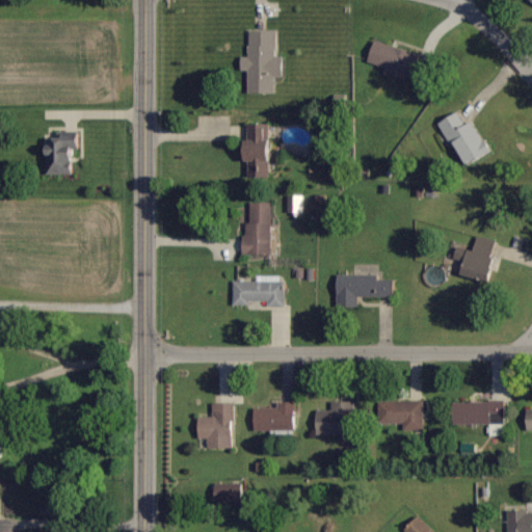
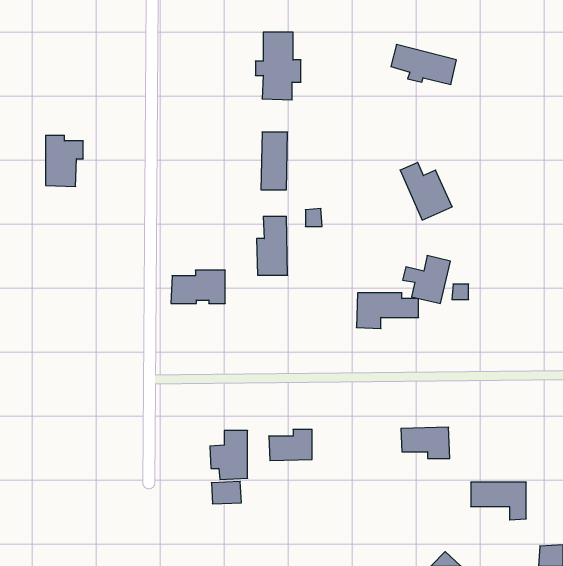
building: [440,113,488,167] -> [400,162,452,220]
building: [451,236,496,281] -> [403,256,450,303]
building: [231,275,282,307] -> [171,270,225,303]
building: [313,401,351,447] -> none
building: [451,401,503,436] -> [471,482,526,520]
building: [213,483,241,504] -> [211,482,241,504]

